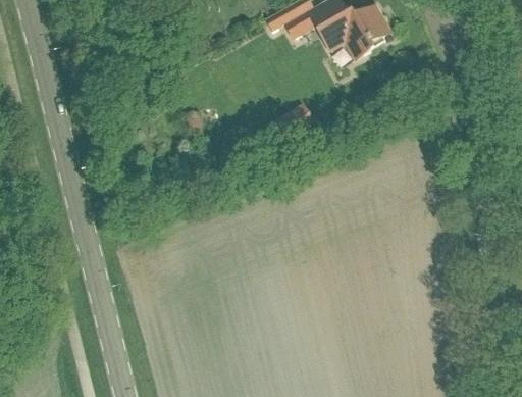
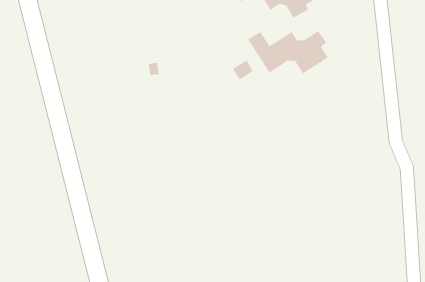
building: none -> [247,28,329,74]

